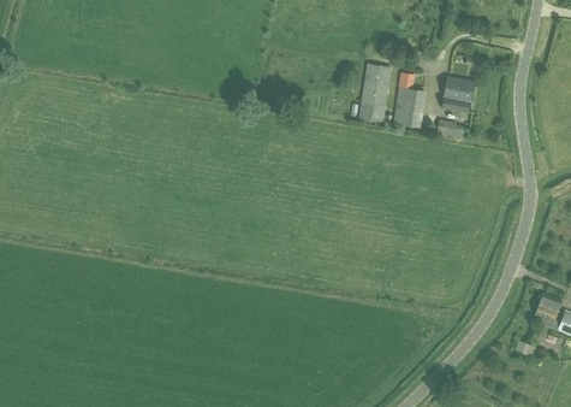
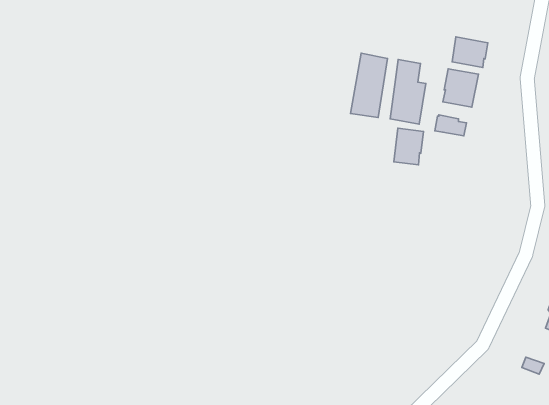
building: none -> [452,37,488,68]
building: none -> [394,128,423,165]

